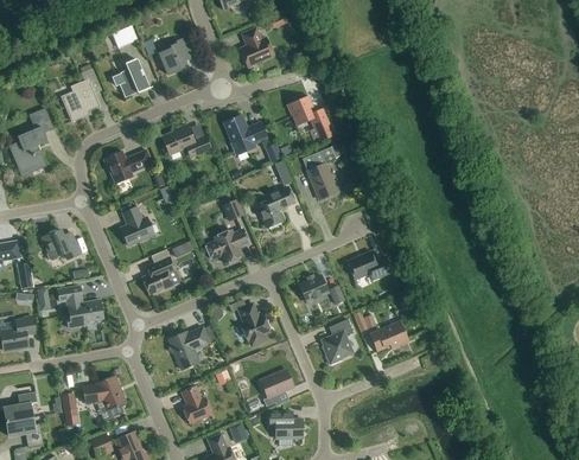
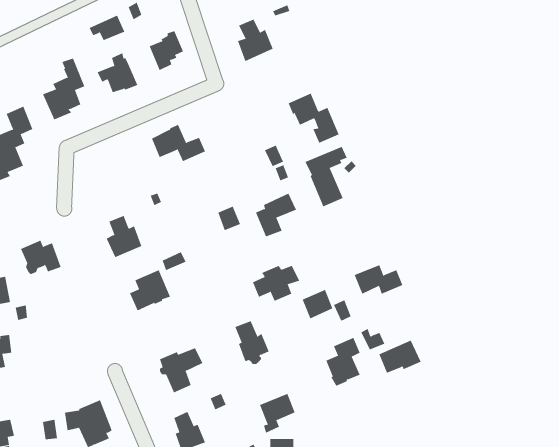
building: [223,114,267,153] -> none
building: [103,148,152,183] -> none
building: [205,229,249,262] -> [252,265,300,302]
building: [57,285,103,327] -> none

